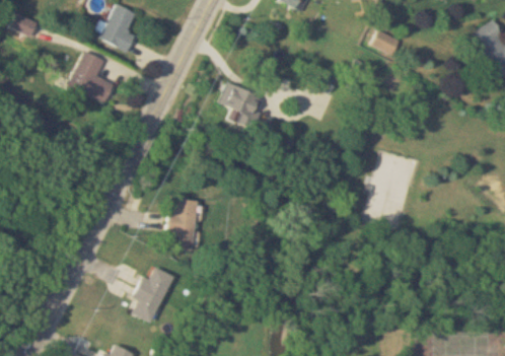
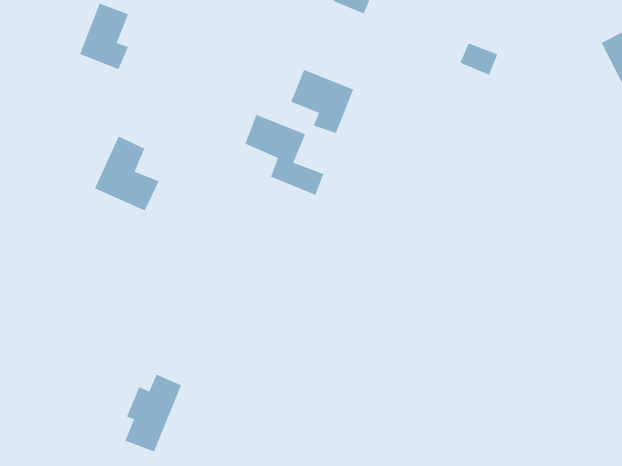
building: none -> [290,69,354,134]
building: [67,51,114,104] -> [94,136,160,211]
building: [165,198,198,250] -> none

